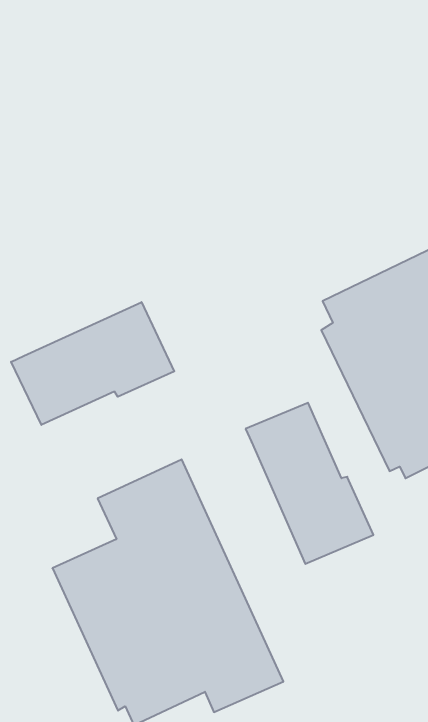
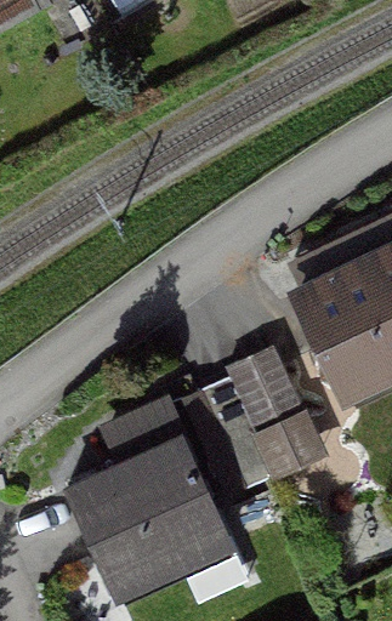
building: [11,302,174,425] -> none
building: none -> [180,377,273,501]

